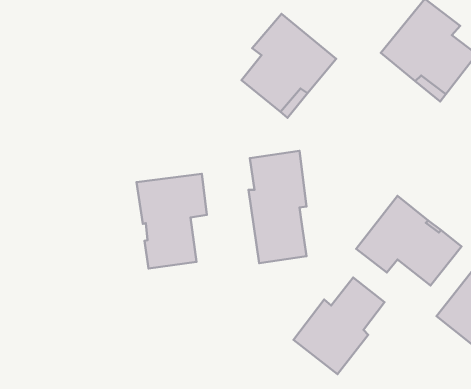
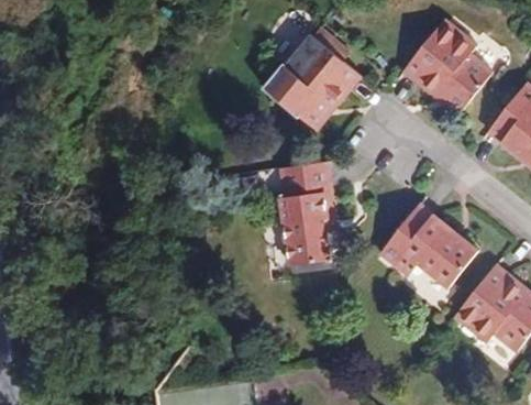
building: [137,174,207,268] -> none
building: [293,278,385,374] -> none

